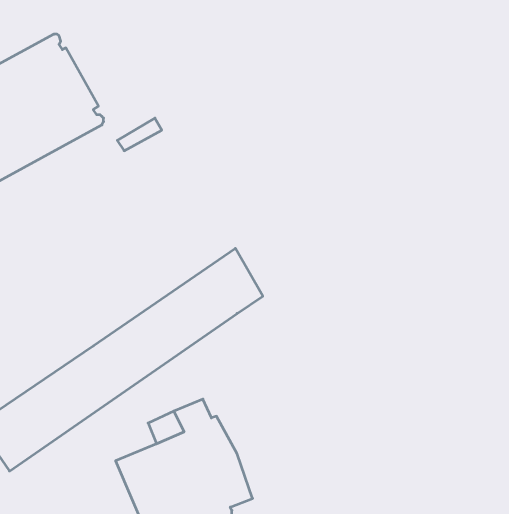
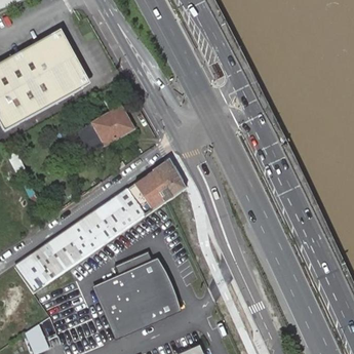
building: none -> [76,105,132,153]

